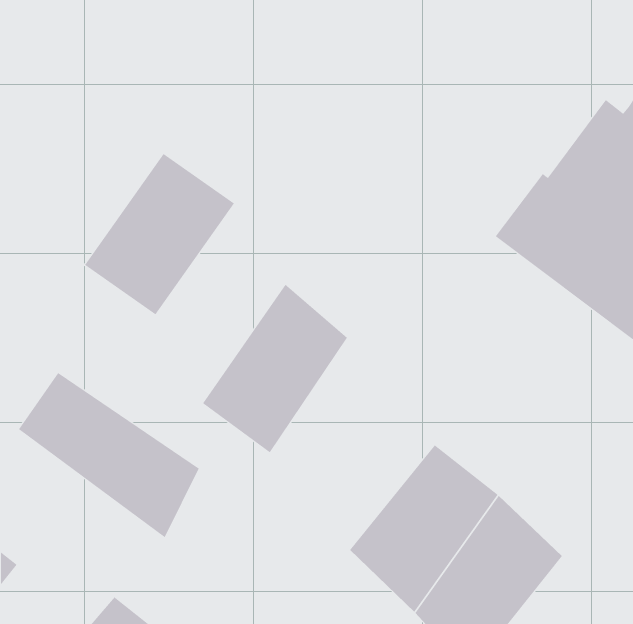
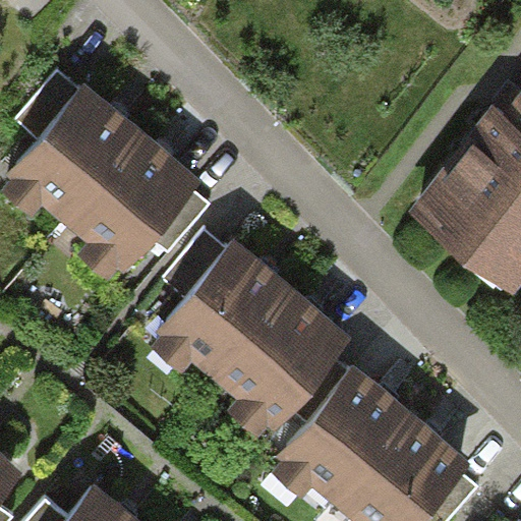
building: none -> [17,98,139,229]
building: none -> [226,288,343,430]
building: [18,372,199,538] -> none

